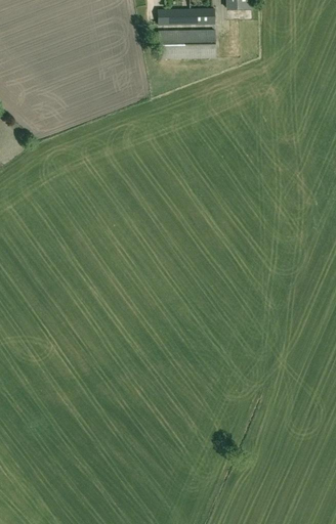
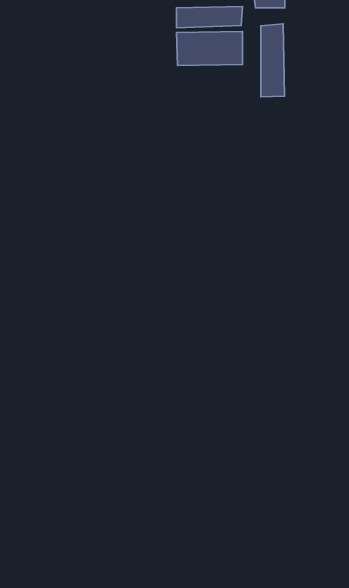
building: none -> [261,24,284,97]

